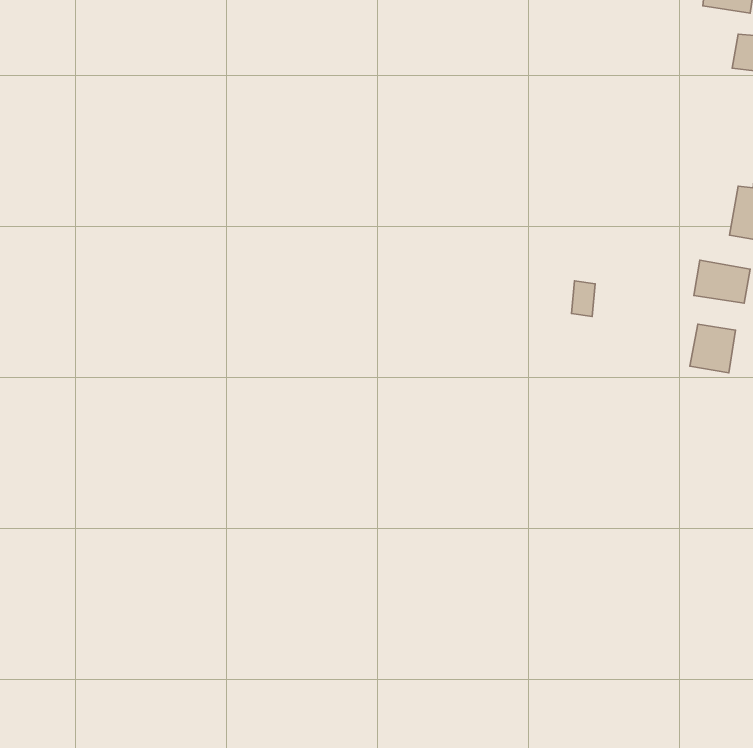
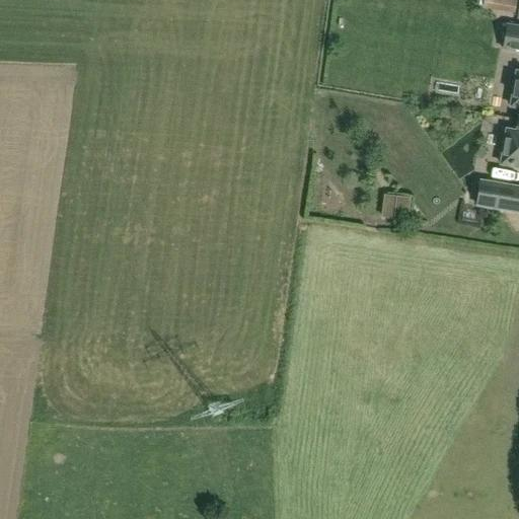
building: [690,324,736,373] -> none

